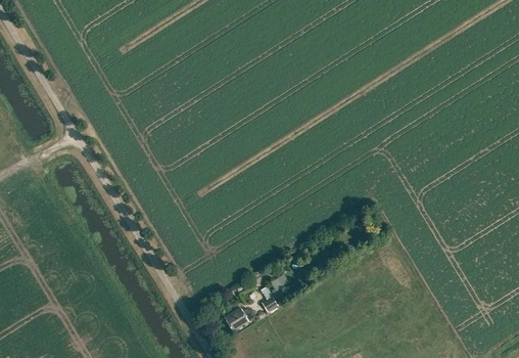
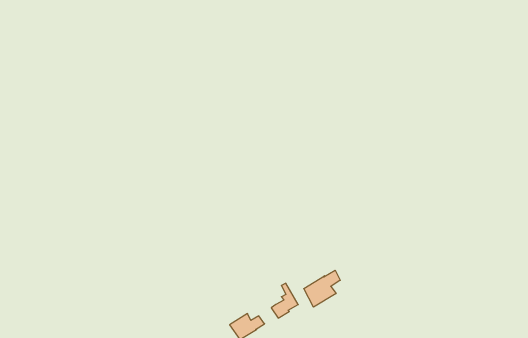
building: none -> [304,270,340,307]

